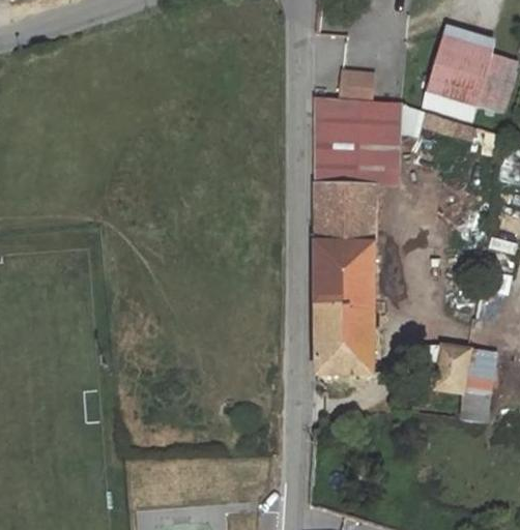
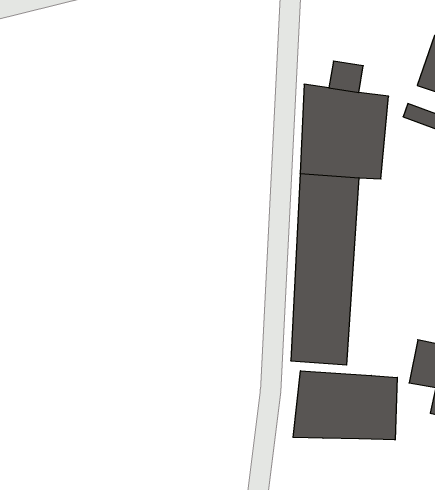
building: none -> [293,371,397,440]

